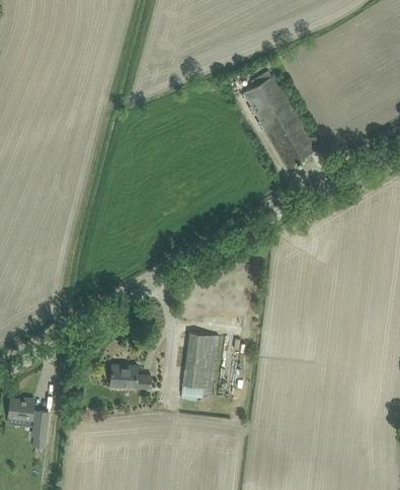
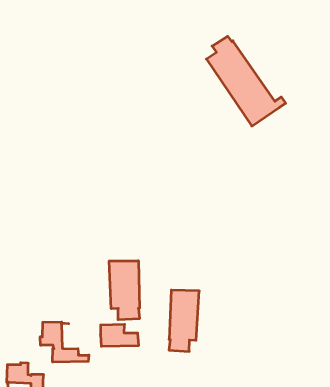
building: none -> [109,261,139,320]
building: none -> [40,322,89,362]

